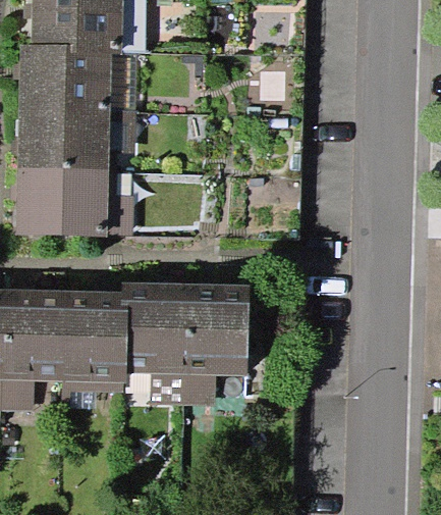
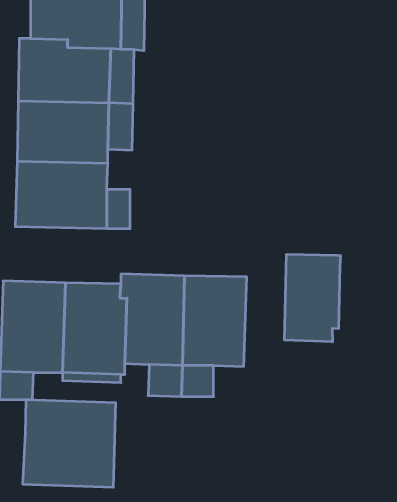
building: none -> [285,254,341,342]
building: none -> [23,400,116,487]

